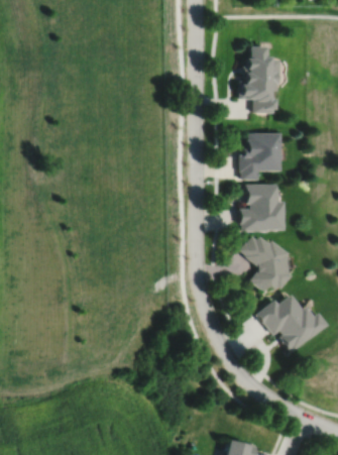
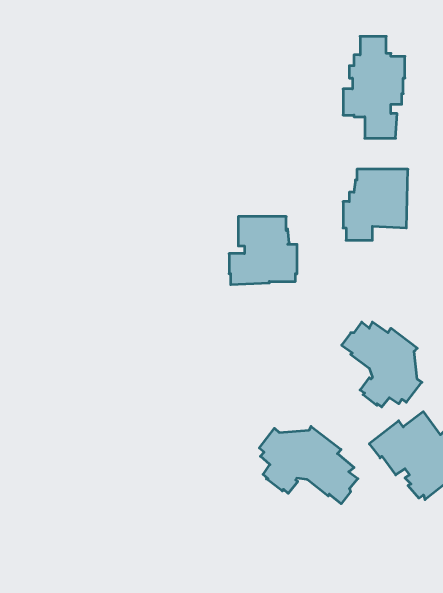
building: [239,186,284,230] -> [229,217,297,285]
building: none -> [259,426,358,504]

